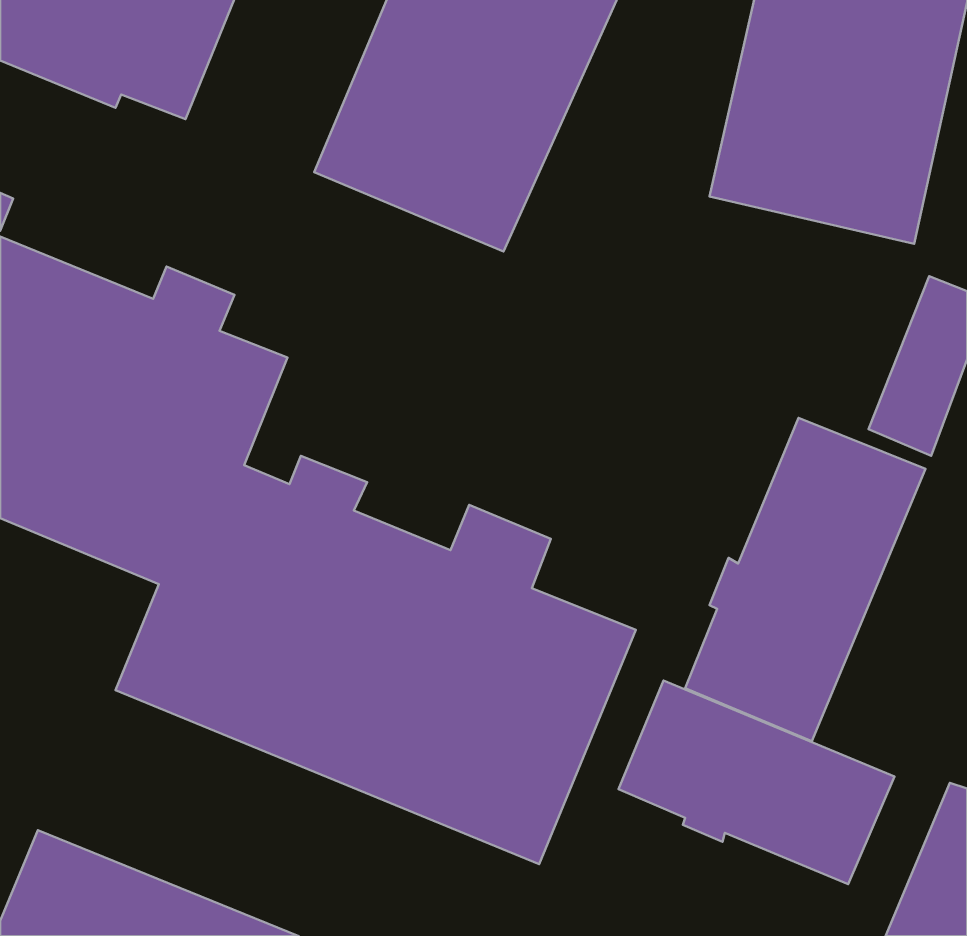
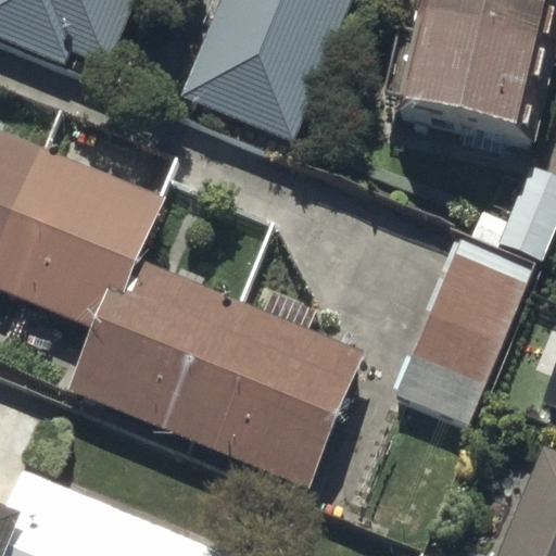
building: [618,681,894,884] -> none

